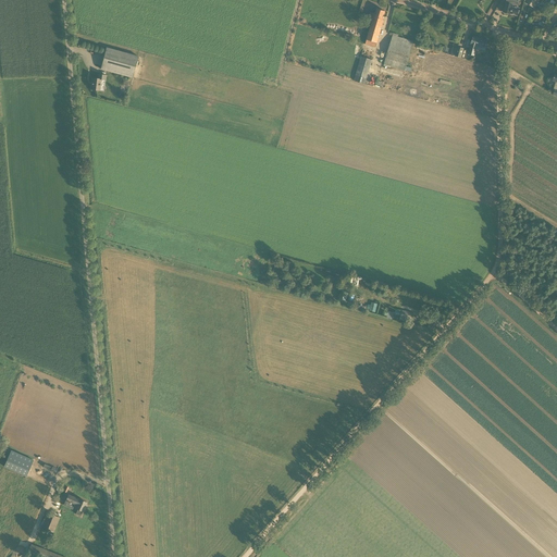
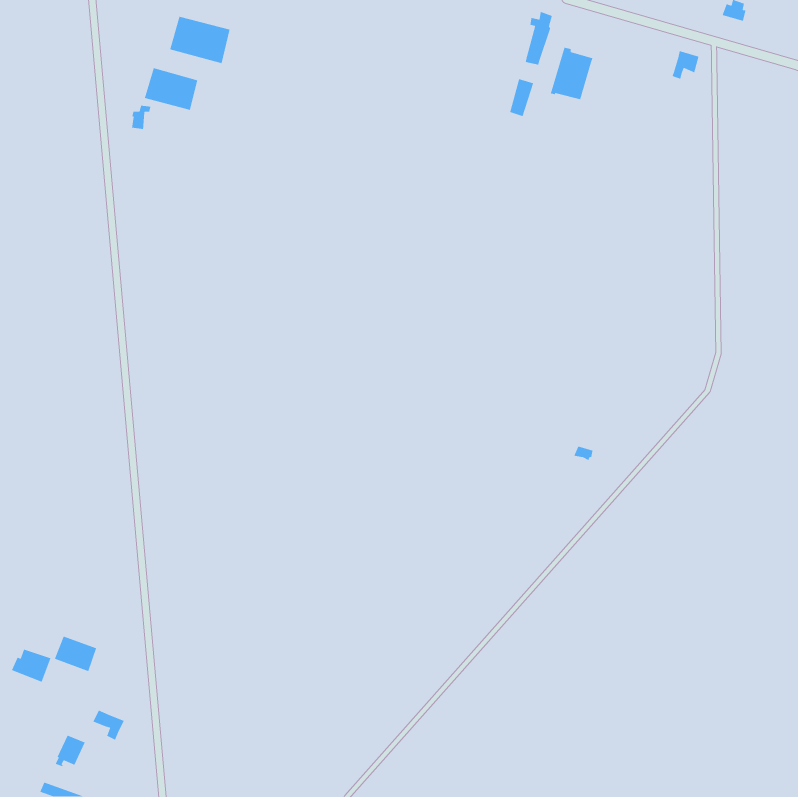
building: none -> [169,16,230,64]
building: none -> [54,635,97,672]

